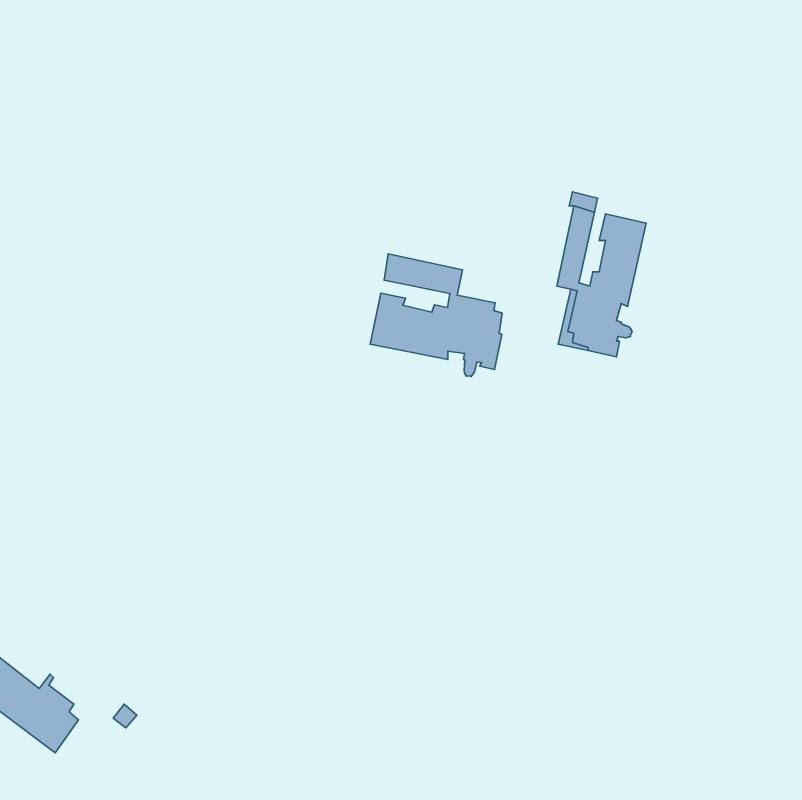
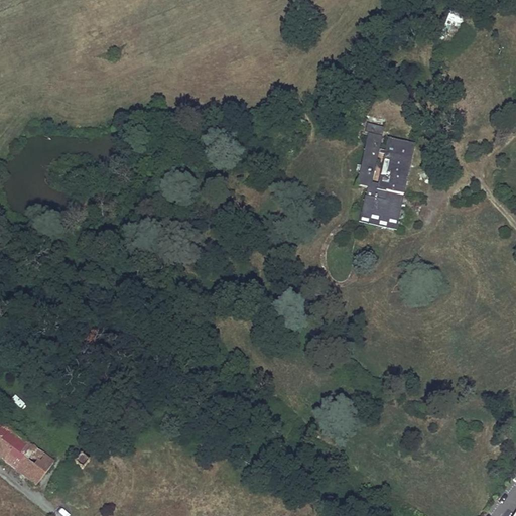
building: [370,254,502,377] -> none

